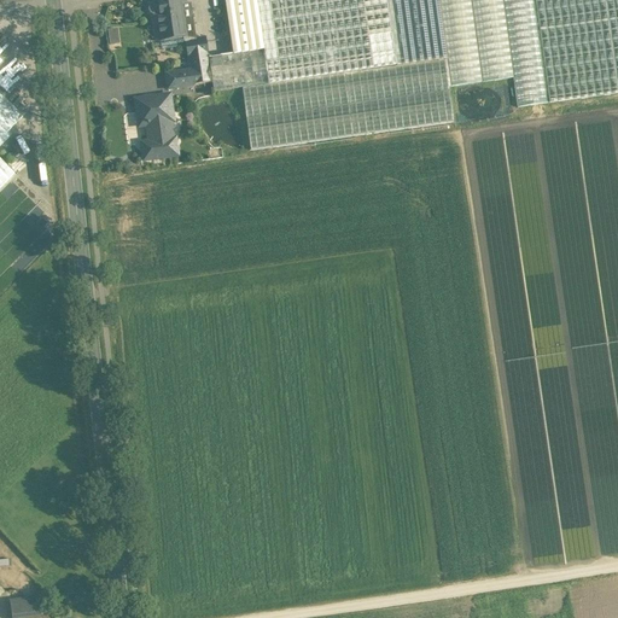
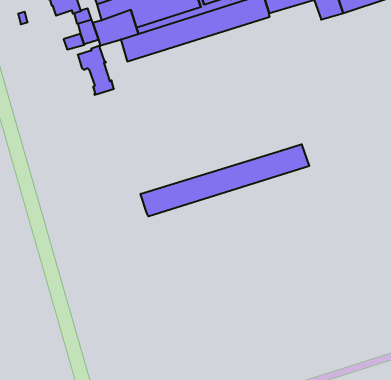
building: [245,89,453,148] -> none
building: [135,93,176,158] -> [78,46,114,95]
building: none -> [141,144,309,216]

